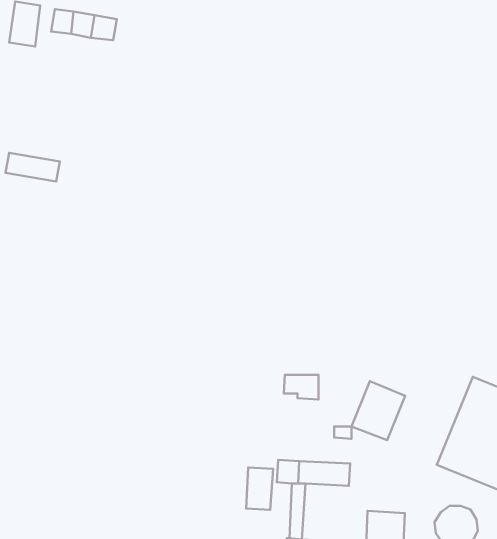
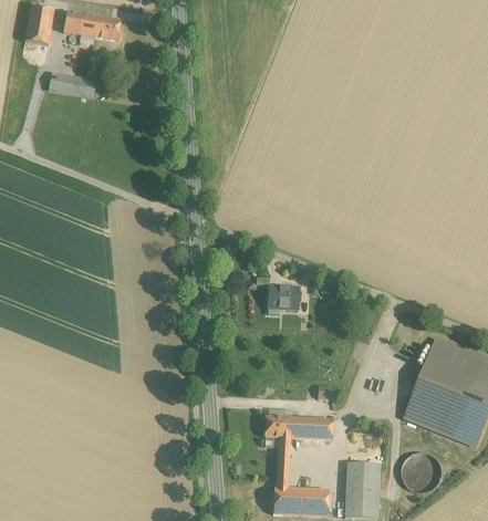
building: [5,153,60,181] -> [48,72,96,97]
building: [284,375,318,400] -> [263,284,294,306]
building: [351,381,405,440] -> none
building: [246,468,273,510] -> none

